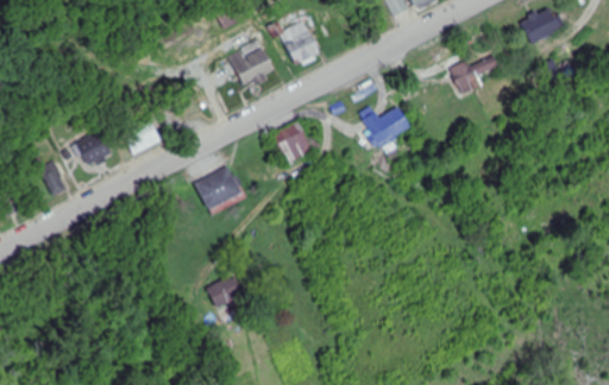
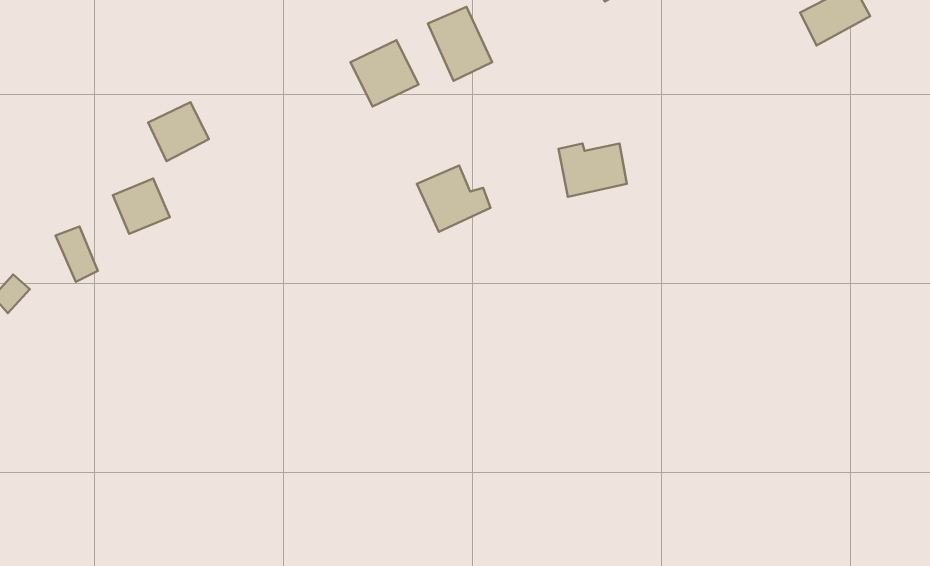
building: [451,52,498,95] -> none
building: [121,118,161,156] -> [148,102,209,161]
building: [195,165,245,213] -> none
building: [206,277,240,309] -> none

